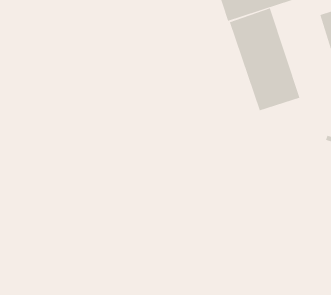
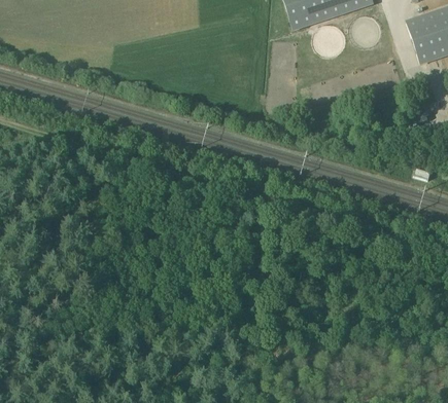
building: [229,8,300,111] -> none

